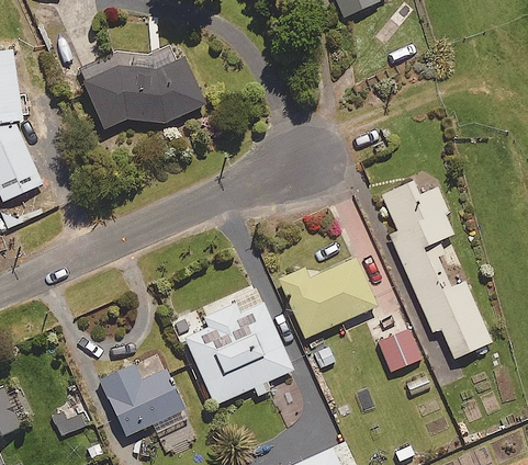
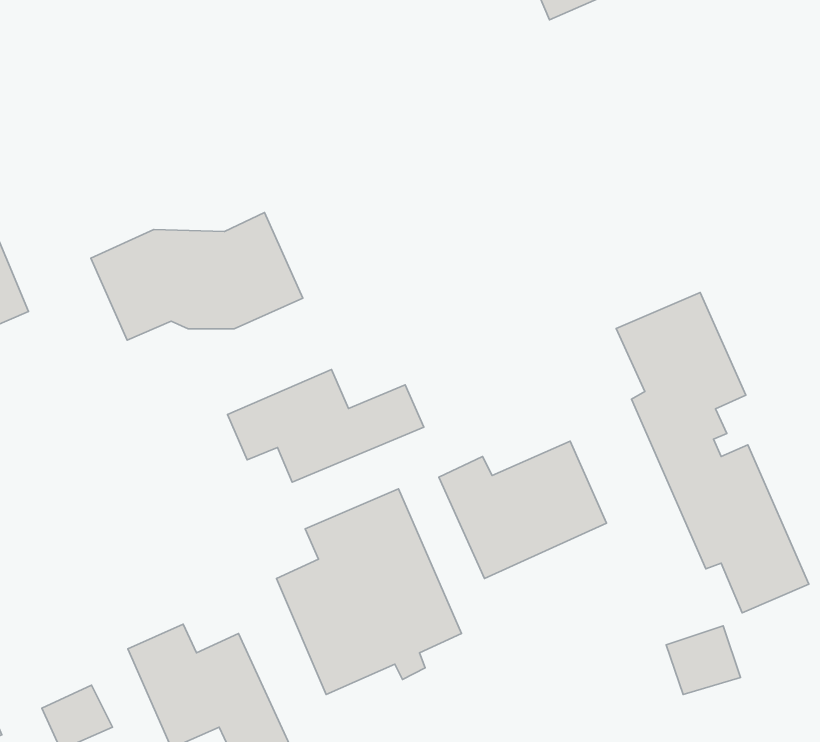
building: [82,55,204,128] -> [91,212,303,340]
building: none -> [227,369,424,482]
building: [380,330,423,370] -> [666,626,740,695]

